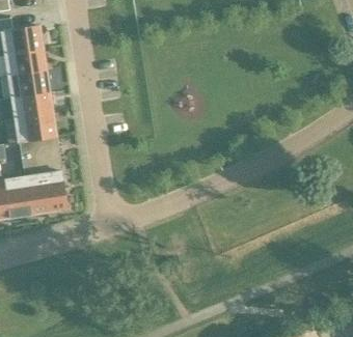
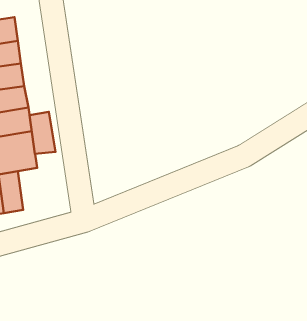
building: [44,171,69,212] -> [30,112,55,154]

